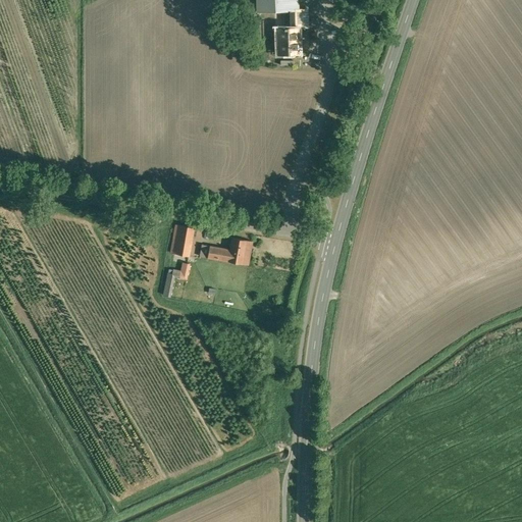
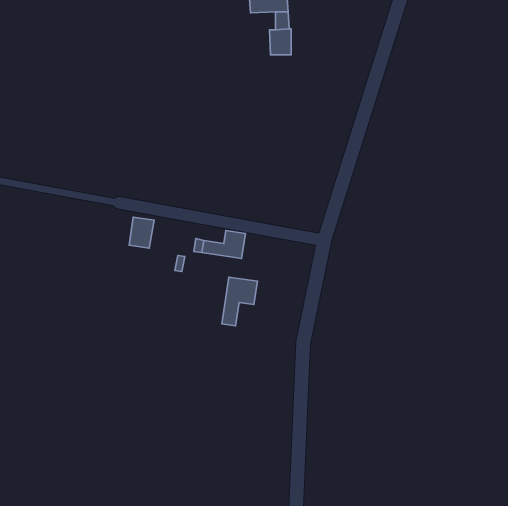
building: [170,224,196,256] -> [129,217,154,248]
building: none -> [222,277,257,326]

